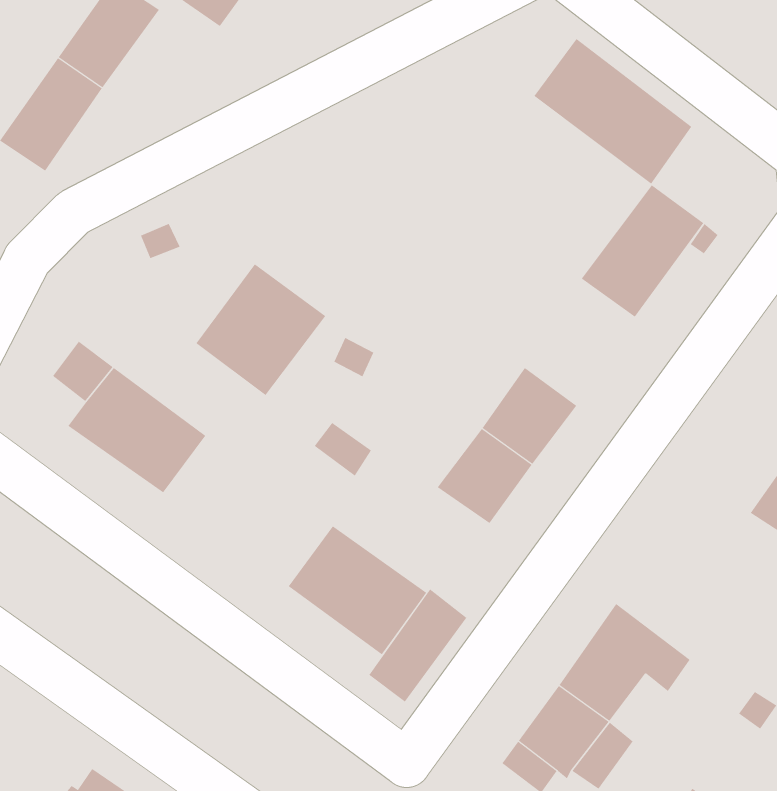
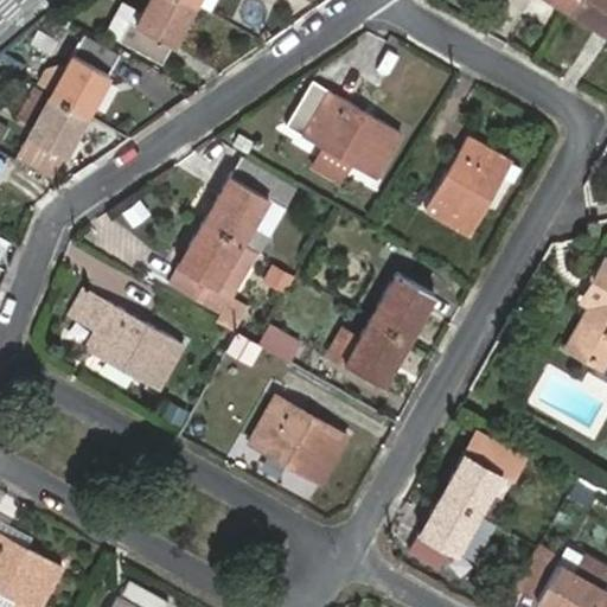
building: [533,38,692,185] -> [289,84,401,179]
building: none -> [203,159,295,255]
building: [368,588,467,703] -> none

